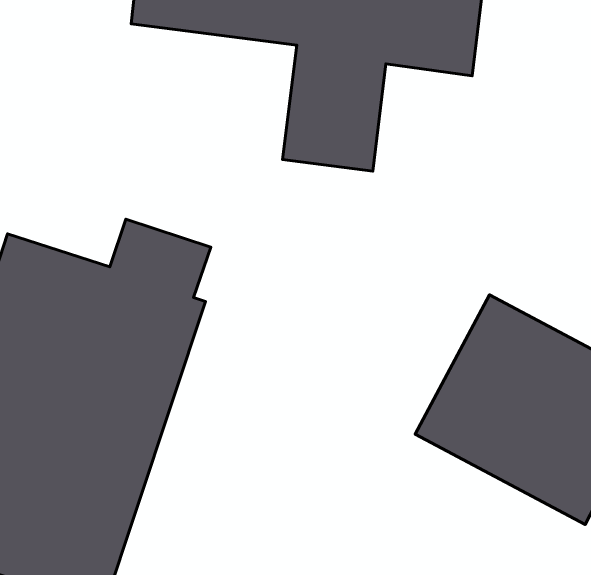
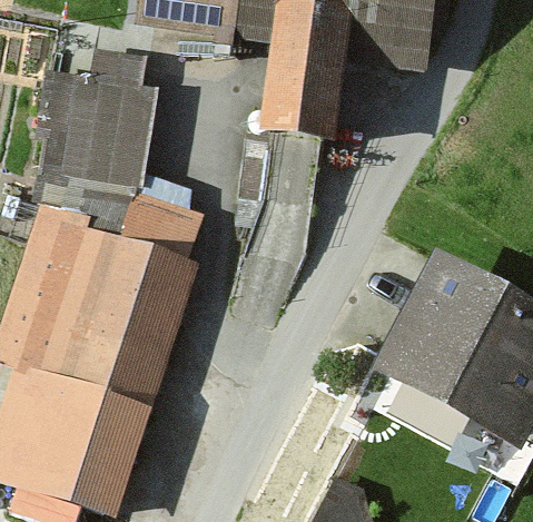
building: none -> [36,47,161,187]

